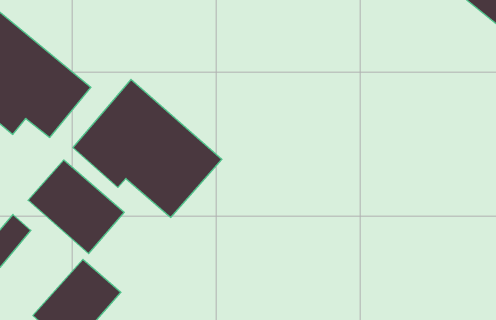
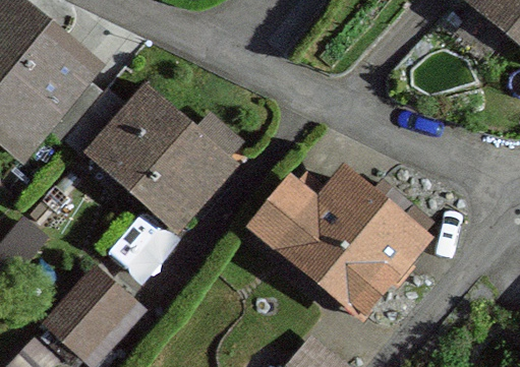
building: [28,160,124,254] -> none
building: none -> [264,173,417,309]

